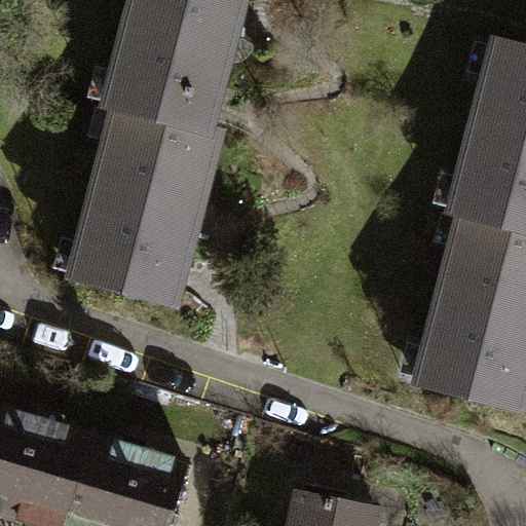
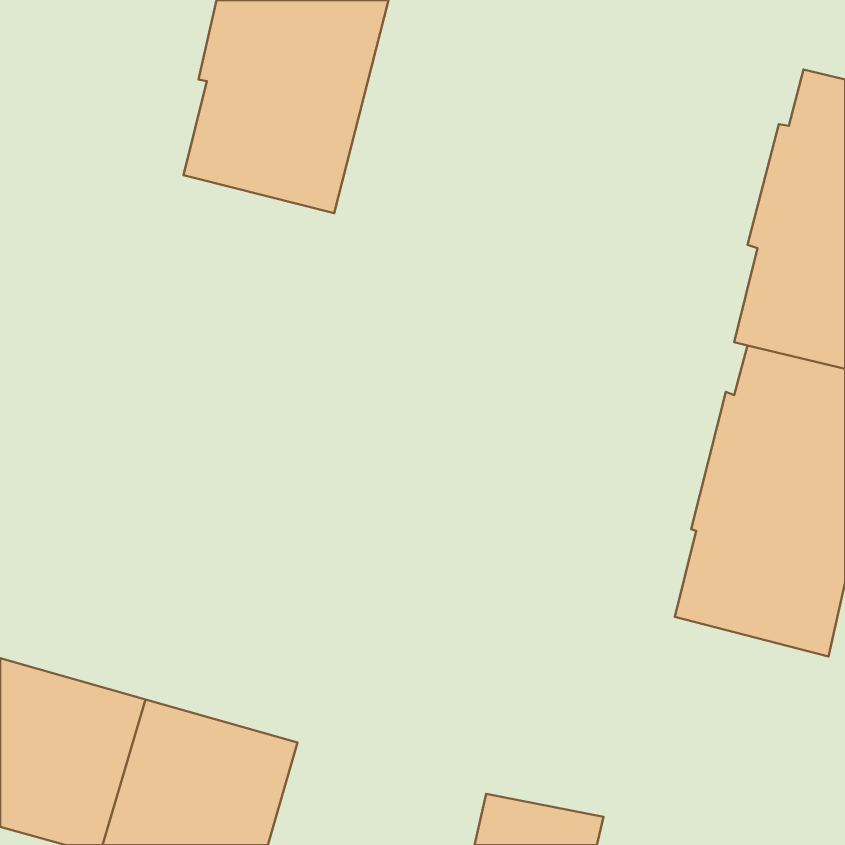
building: [77,111,216,305] -> none

